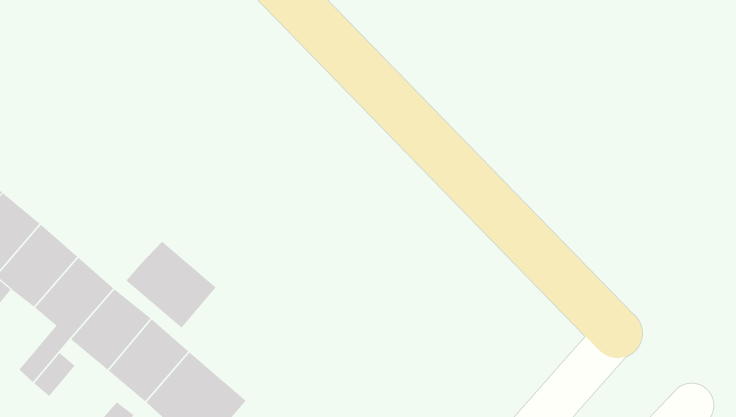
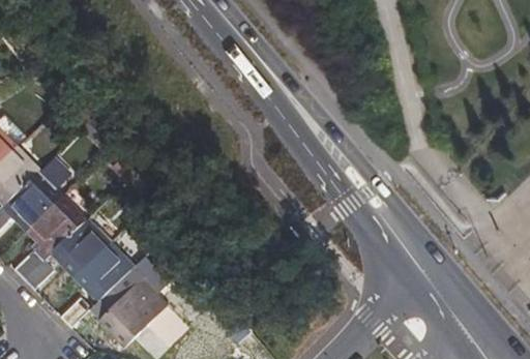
building: [125,241,216,329] -> none

